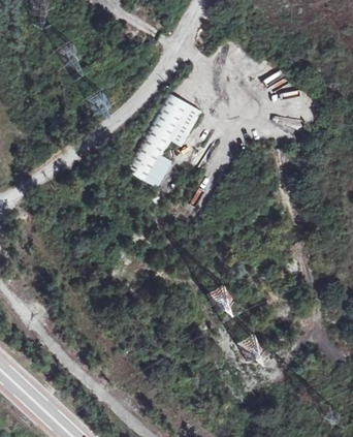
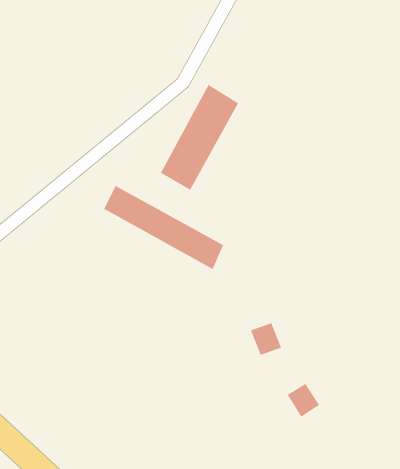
building: none -> [103,185,224,270]

